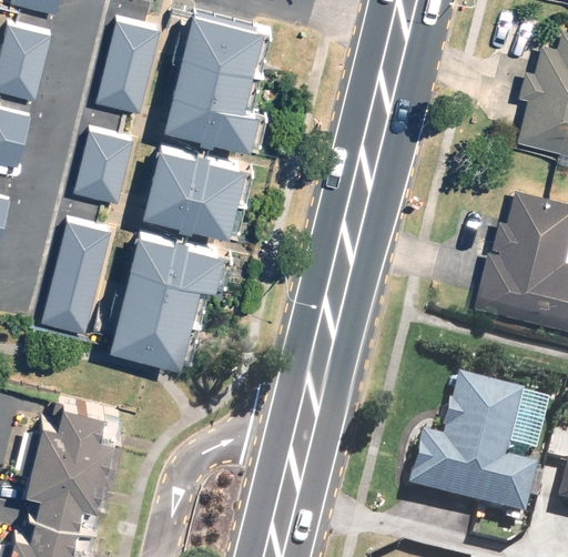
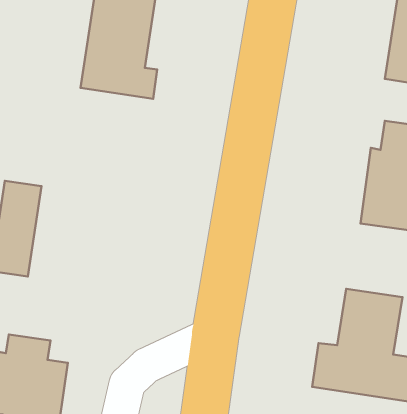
building: [100,23,159,114] -> none
building: [74,133,133,206] -> none
building: [143,144,244,231] -> none
building: [110,232,224,363] -> none

